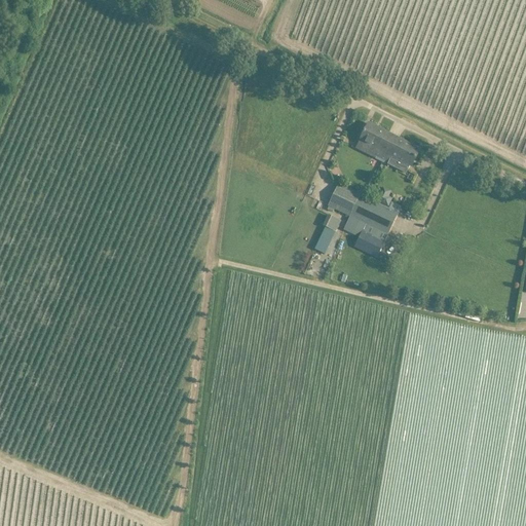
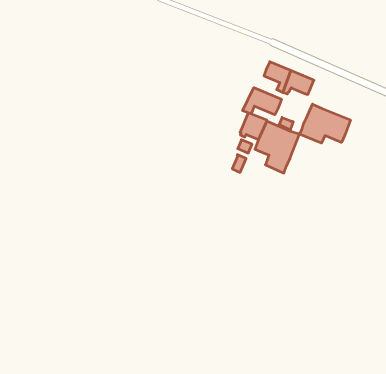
building: none -> [243,88,281,115]
building: none -> [299,104,350,143]

